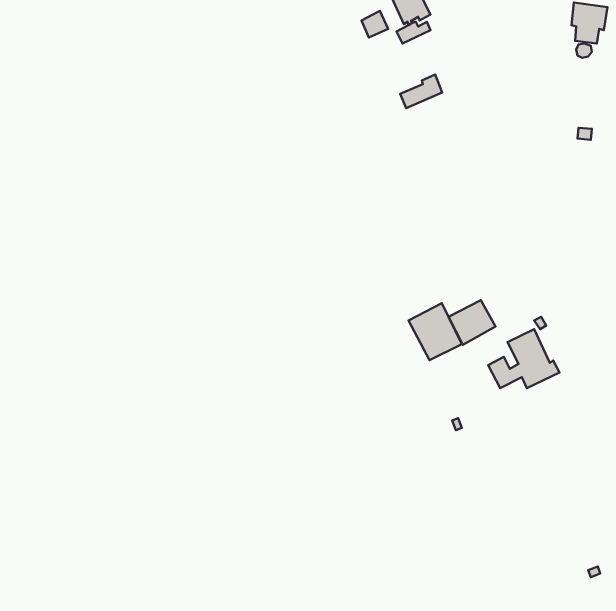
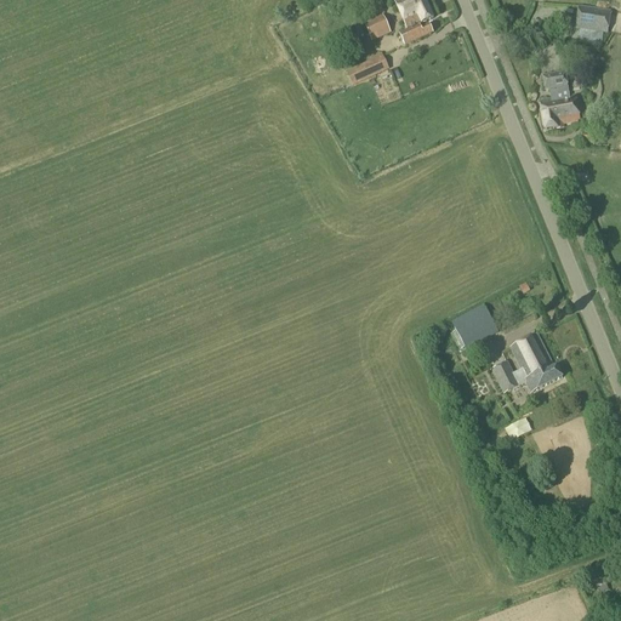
building: none -> [540,69,580,127]
building: [400,75,442,108] -> [346,49,388,82]
building: [409,303,462,360] -> none

